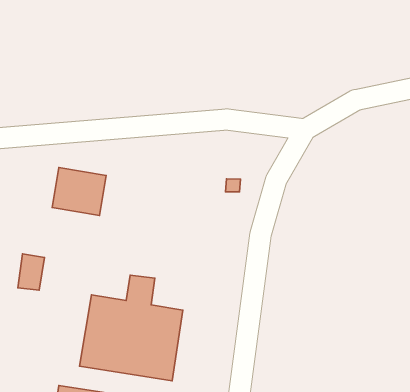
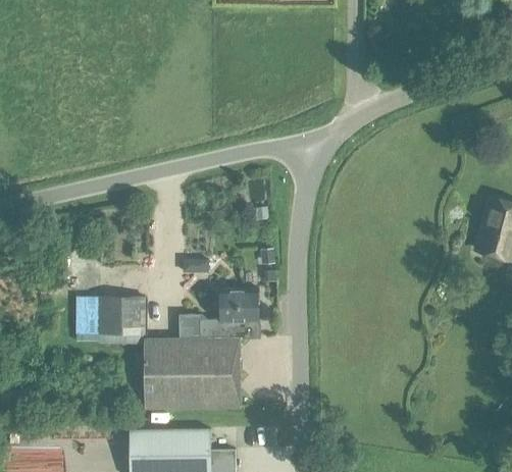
building: [52,168,106,215] -> [98,296,144,334]
building: none -> [202,289,260,339]

